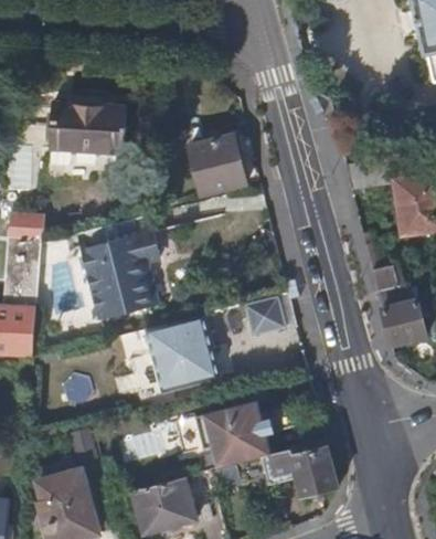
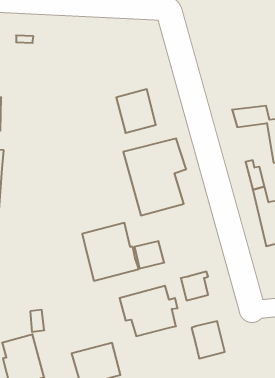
building: [47,104,126,156] -> none
building: [75,215,159,318] -> [123,139,186,215]
building: [247,302,287,338] -> [134,241,164,268]
building: [260,447,297,486] -> [181,272,208,300]

